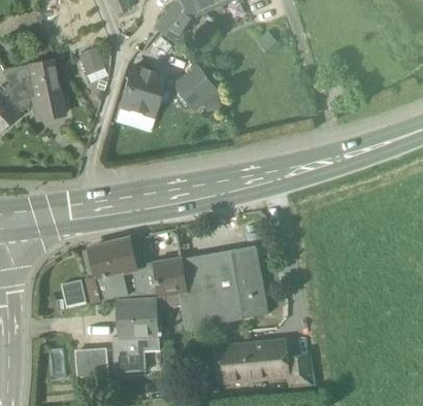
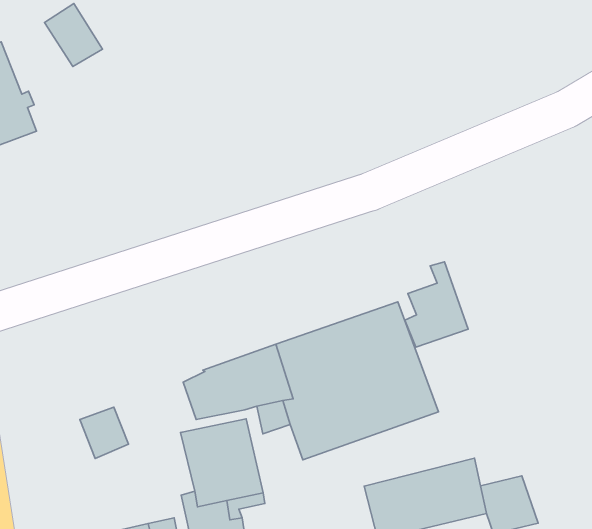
building: [120,66,163,115] -> none
building: [174,67,218,109] -> none
building: none -> [405,262,468,347]
building: [83,238,137,301] -> none

